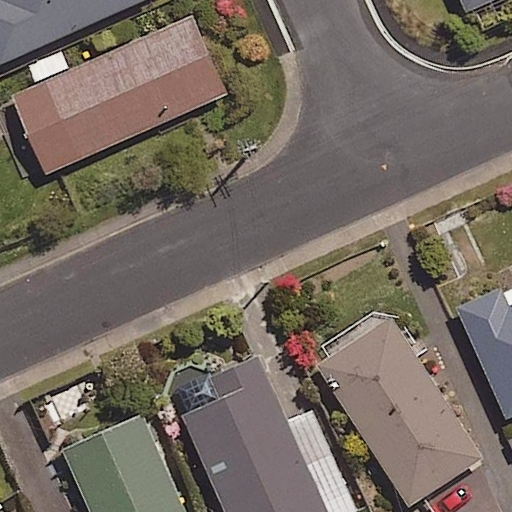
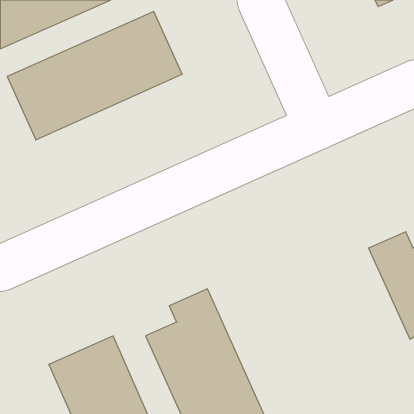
building: [317,317,483,507] -> none

